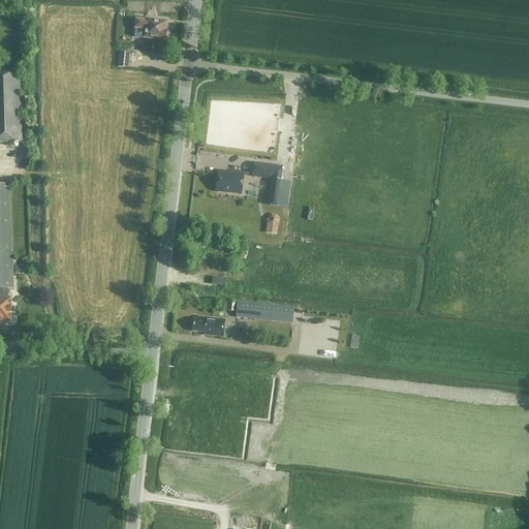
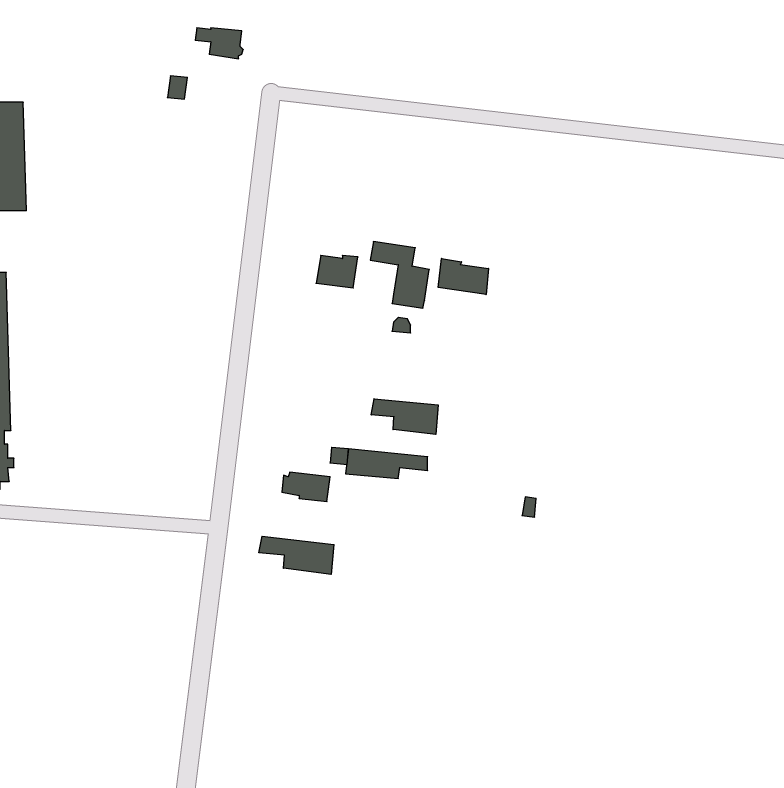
building: none -> [438,258,488,295]
building: none -> [371,399,438,434]
building: none -> [259,536,334,574]

